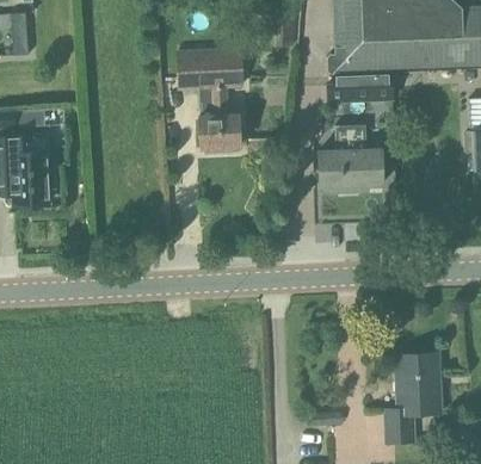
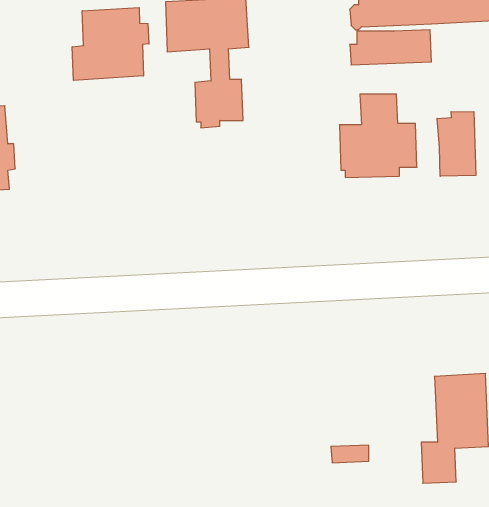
building: none -> [72,8,149,80]
building: none -> [437,112,476,176]

